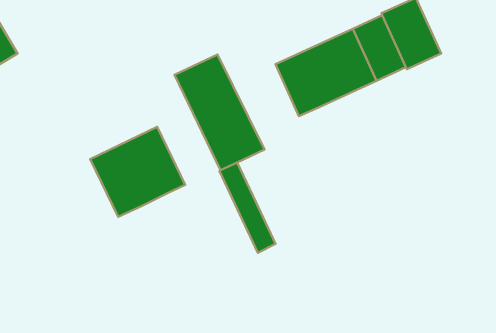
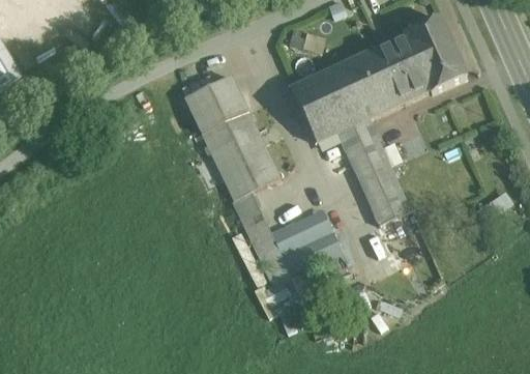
building: none -> [336,116,410,223]
building: [90,127,185,217] -> none
building: none -> [270,205,343,275]

